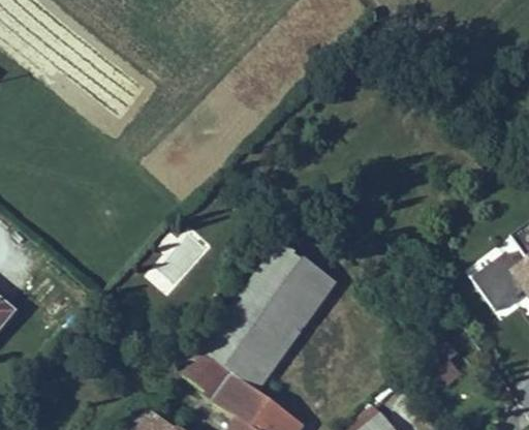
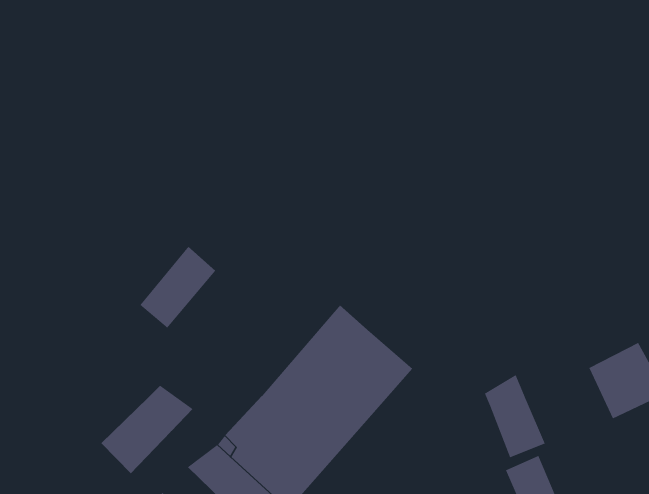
building: none -> [484,374,545,458]
building: none -> [100,385,194,474]

